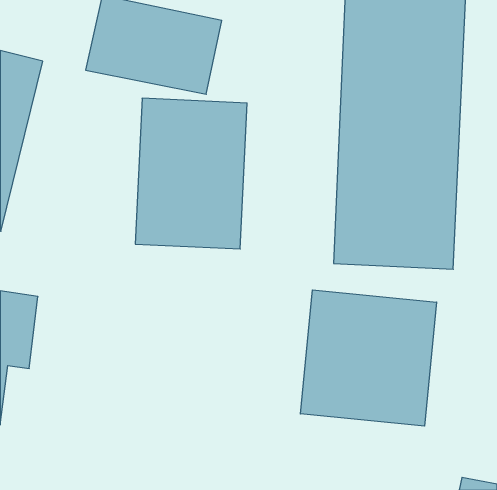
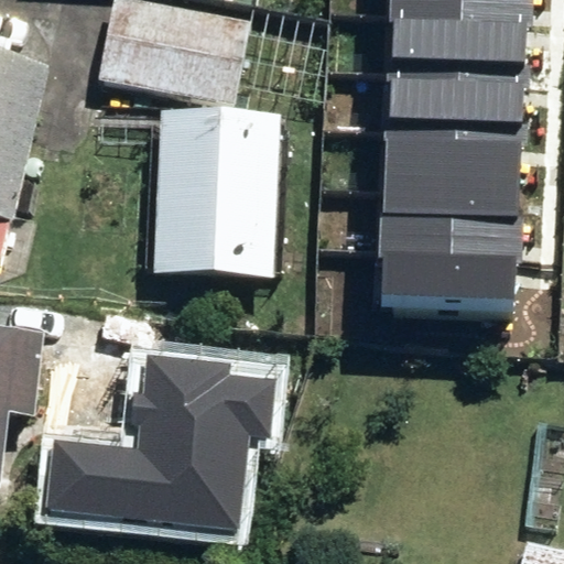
building: [300,290,437,426] -> none
building: none -> [45,349,265,520]

